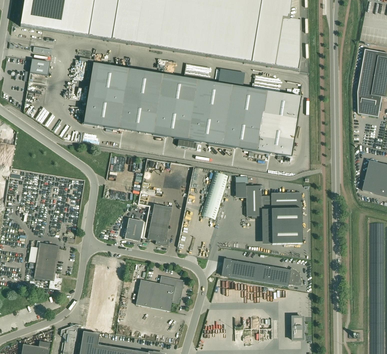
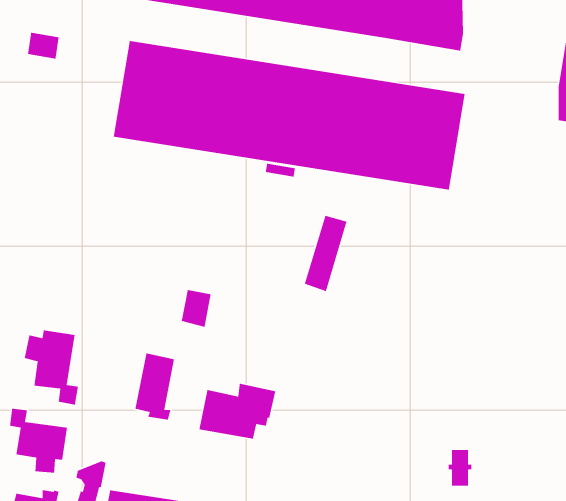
building: [246,184,302,242] -> none
building: [147,202,172,244] -> [134,353,175,420]
building: [222,257,302,284] -> none
building: none -> [9,408,68,474]

